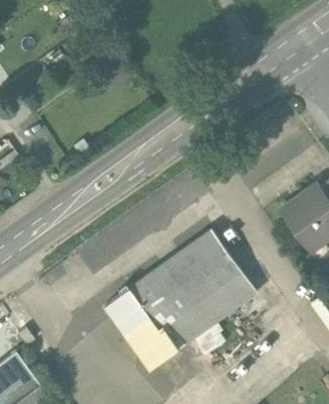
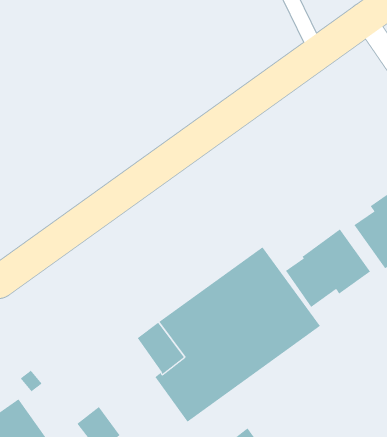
building: none -> [285,228,371,308]

